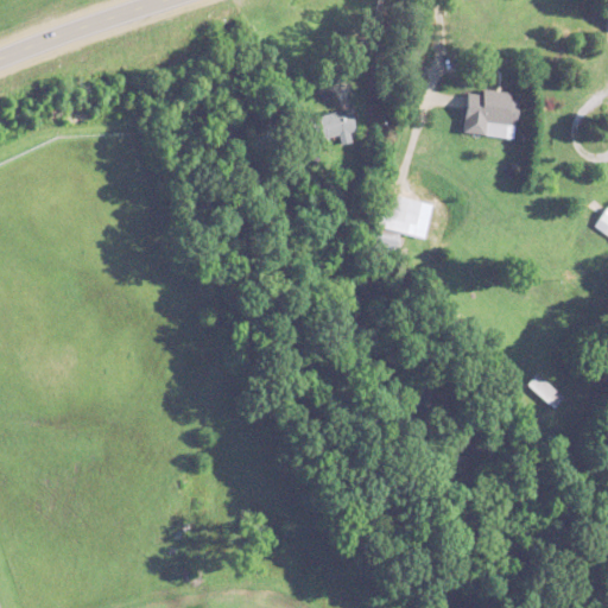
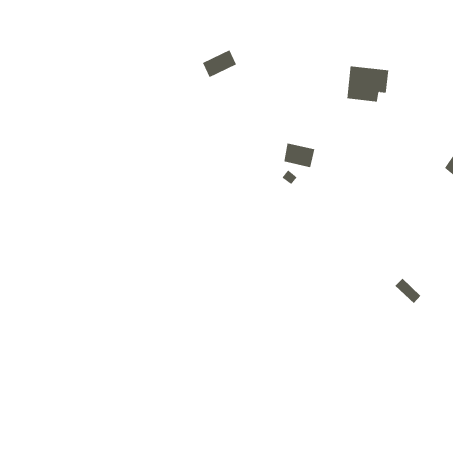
building: [311,107,357,145] -> [202,50,237,78]

